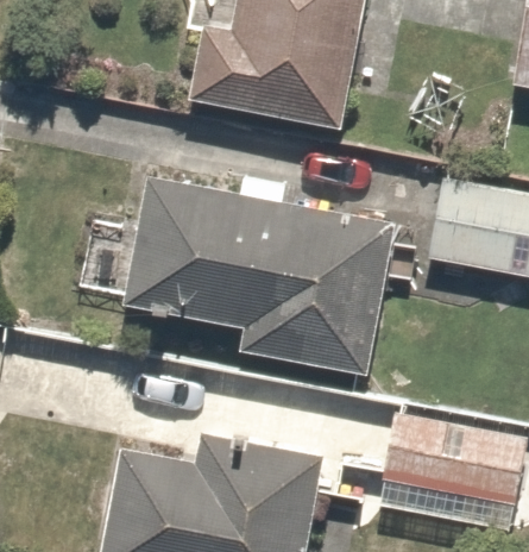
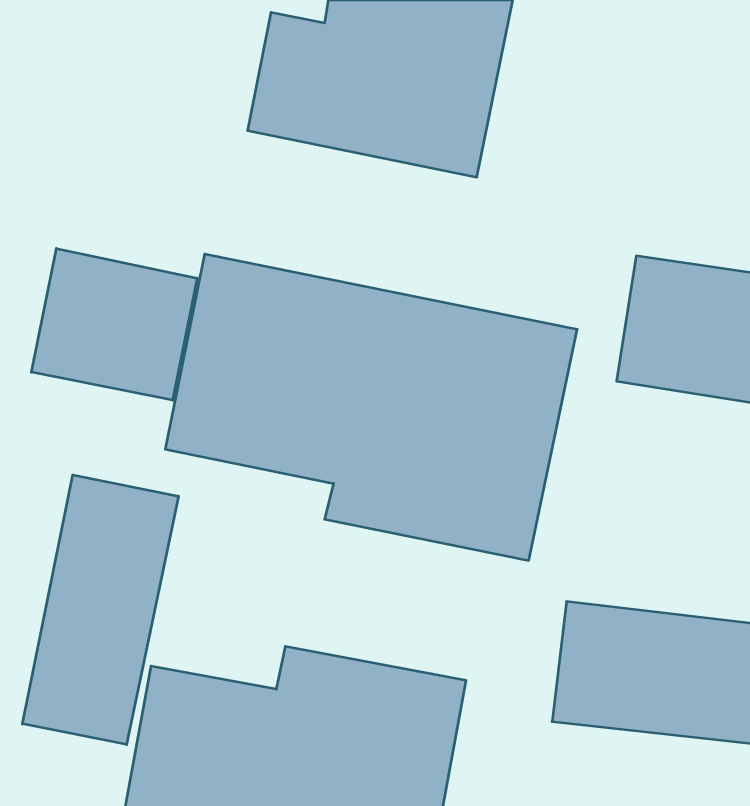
building: none -> [31,248,197,400]
building: none -> [22,475,178,745]

